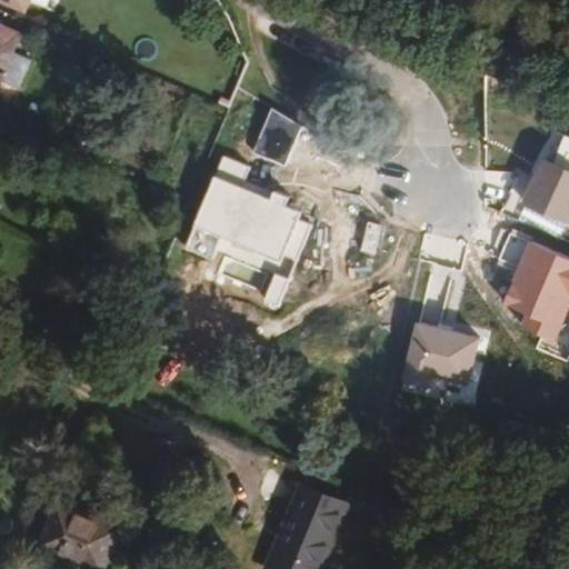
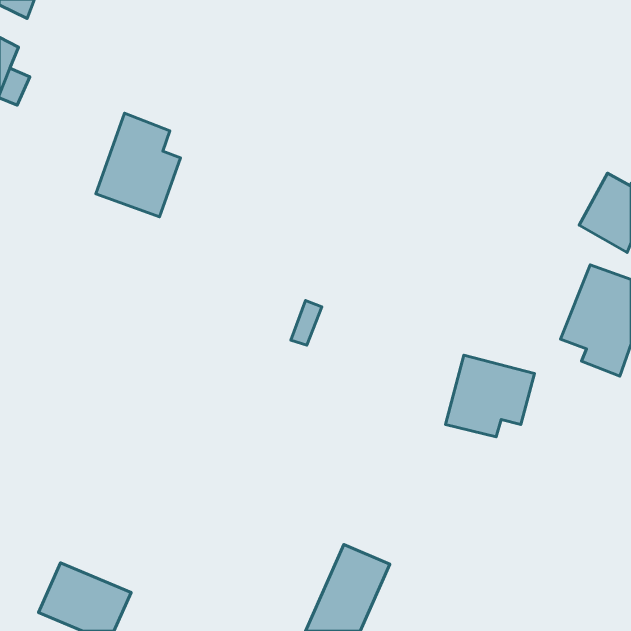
building: none -> [96,113,181,217]
building: [254,106,303,166] -> none
building: [183,152,311,267] -> none

